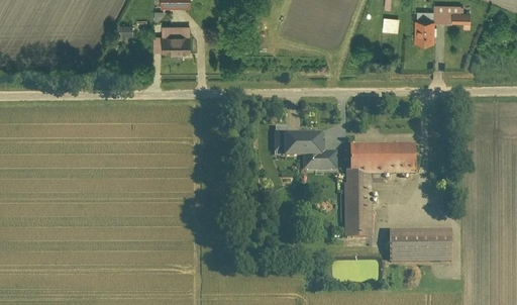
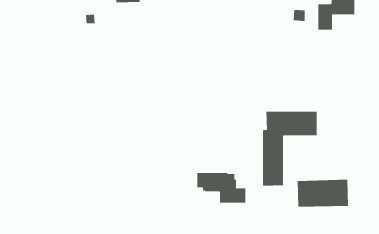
building: [160,31,184,55] -> none
building: [274,130,336,169] -> [197,173,246,203]

